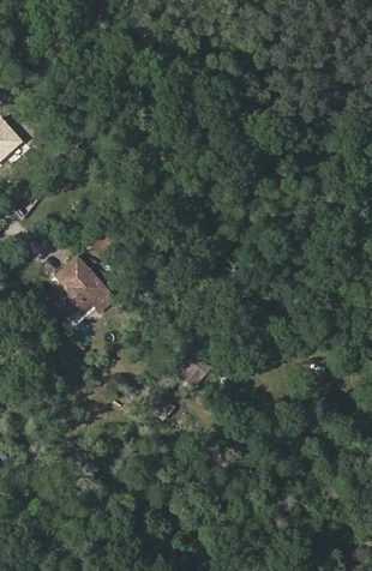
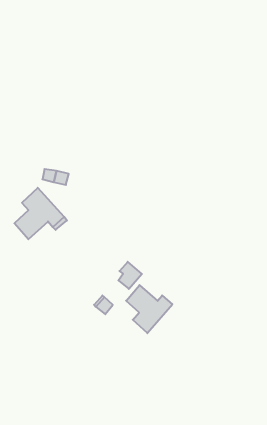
building: none -> [126,285,172,333]

